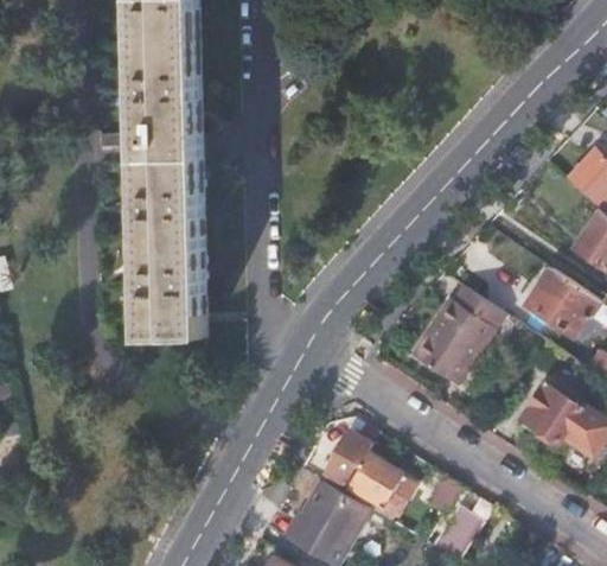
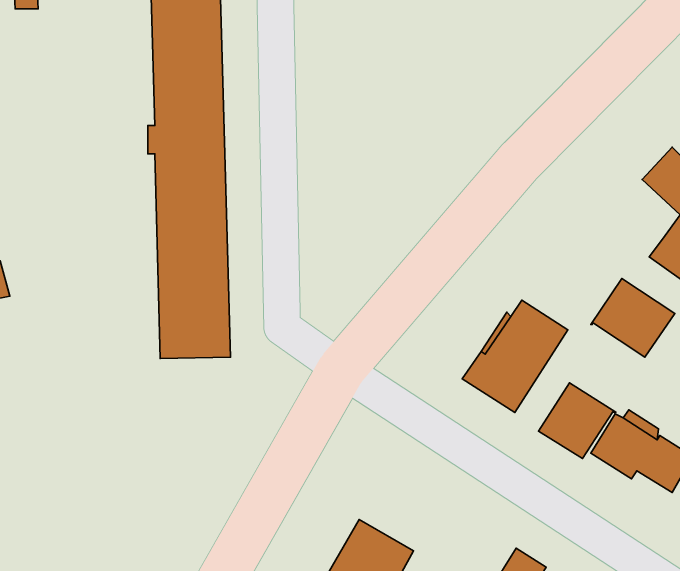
building: none -> [539,383,616,459]
building: [321,431,396,511] -> none

